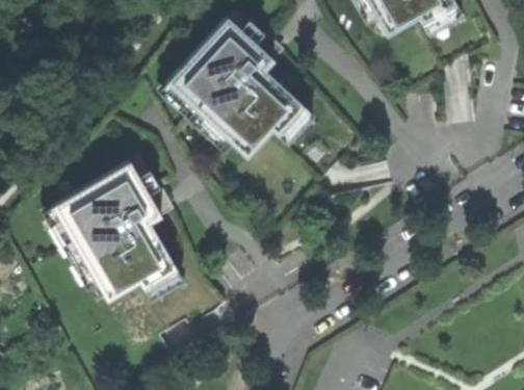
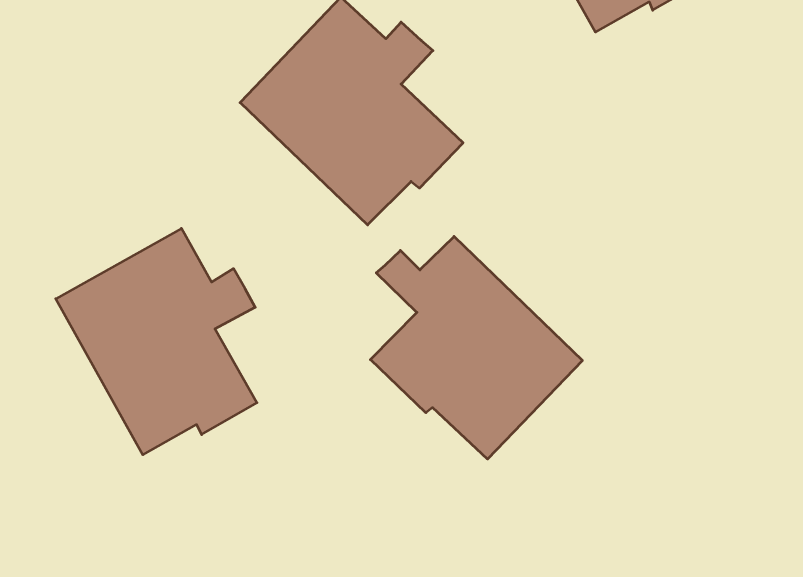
building: none -> [370,236,582,459]

